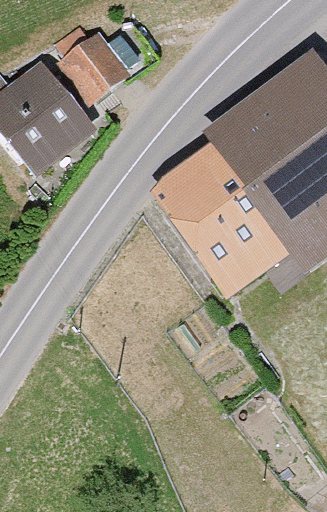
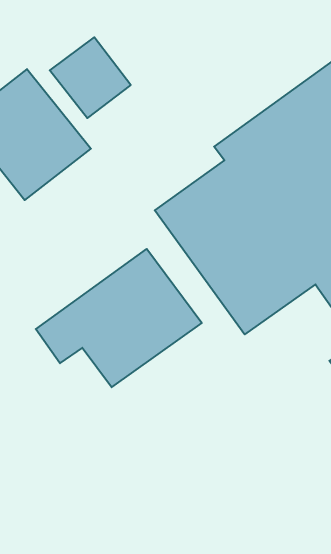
building: none -> [36,249,202,387]

